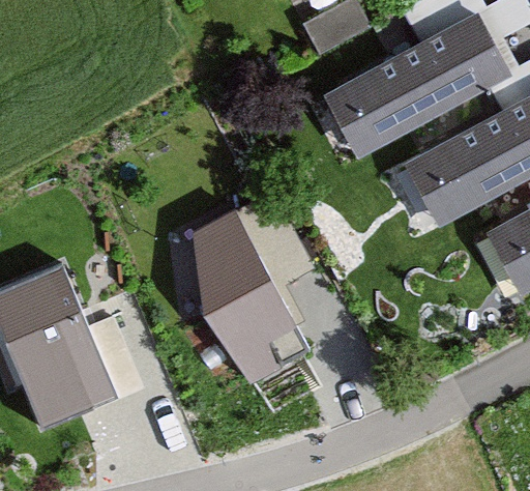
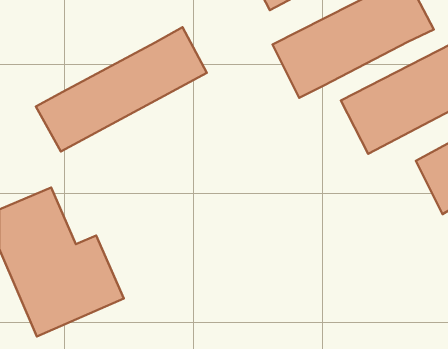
building: none -> [36,27,207,152]
building: [194,215,311,395] -> none

